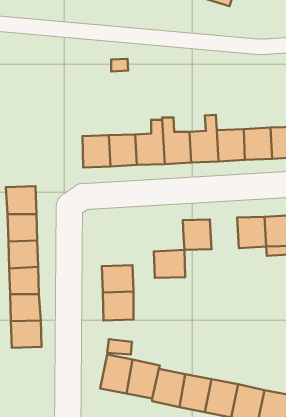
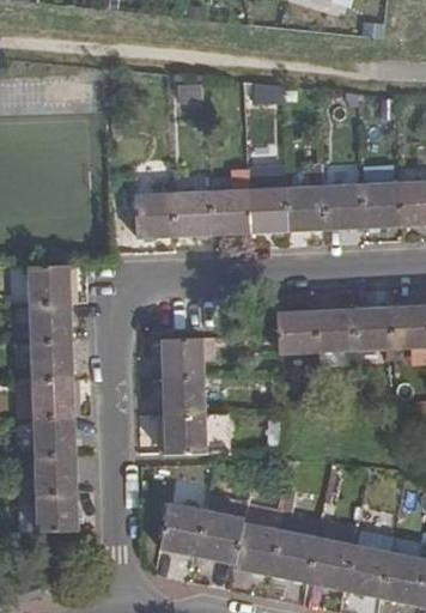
building: none -> [314,308,354,352]
building: [154,250,185,278] -> [160,336,205,376]
building: none -> [35,490,78,530]

